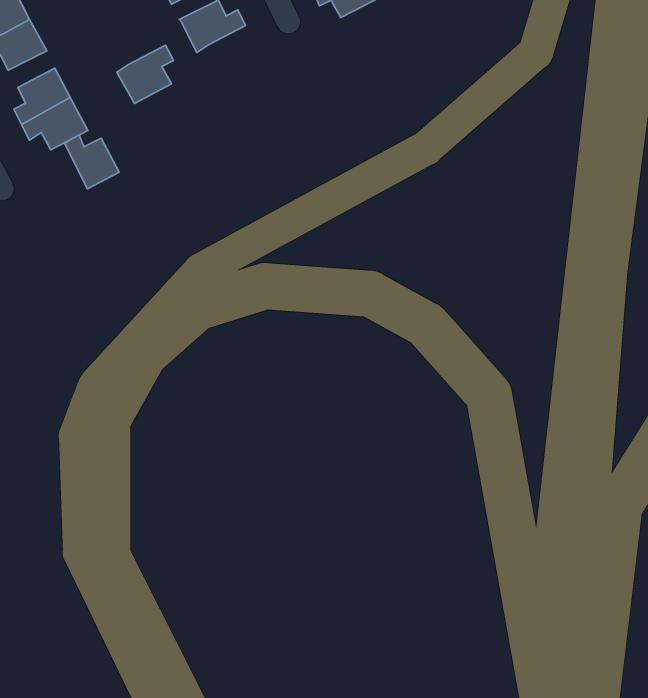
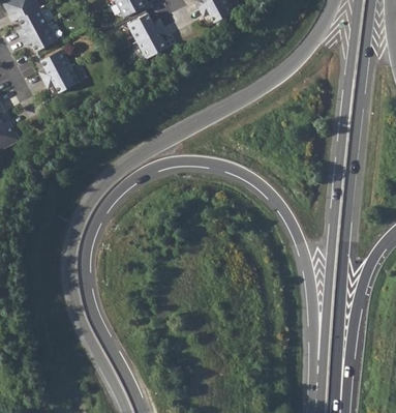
building: [117,45,173,103] -> [138,27,167,58]
building: [65,135,119,189] -> none

